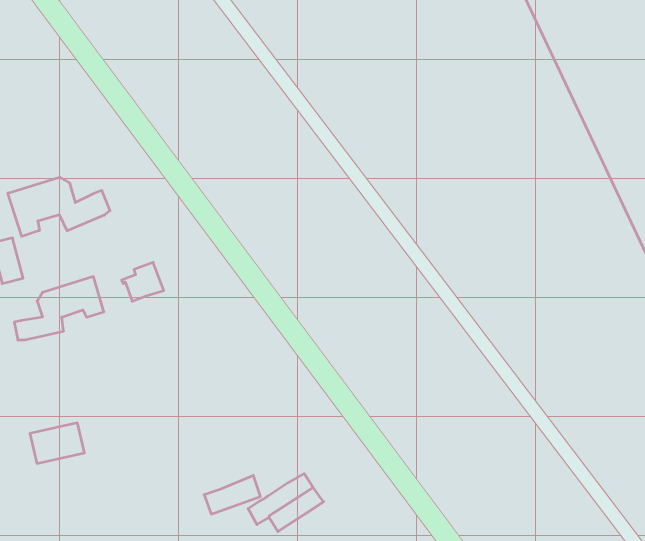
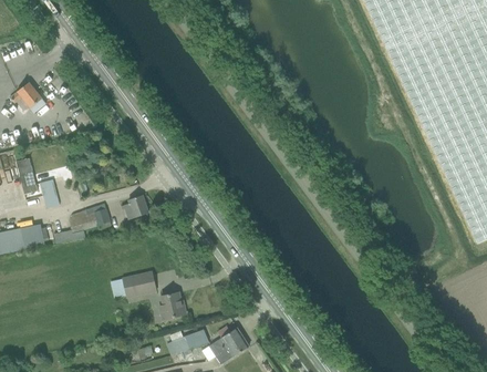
building: [8,177,110,236] -> none
building: none -> [159,292,187,320]
building: [30,423,84,463] -> [123,271,157,297]

